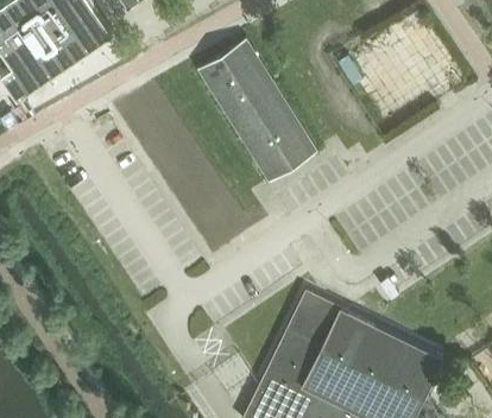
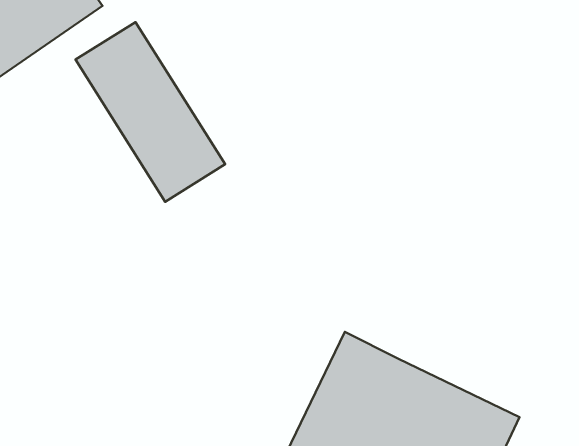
building: [197,40,316,183] -> [76,22,225,202]

